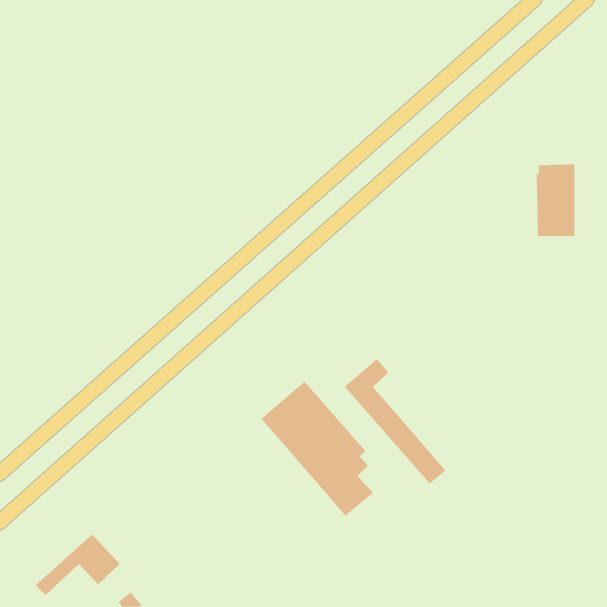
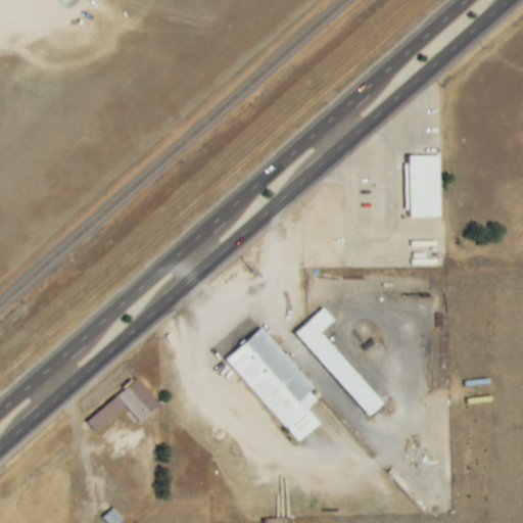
building: [536,164,575,237] -> [407,154,440,217]
building: [35,534,121,596] -> [87,378,160,431]

